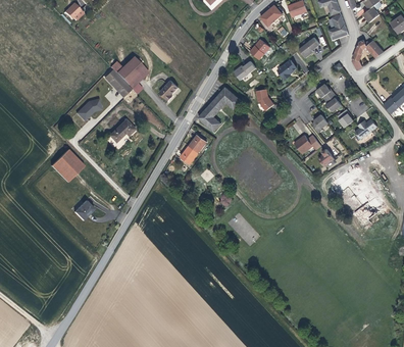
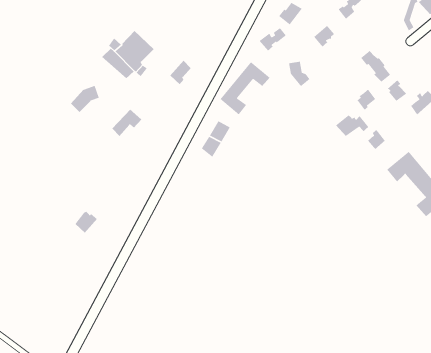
building: [50,149,83,183] -> none

